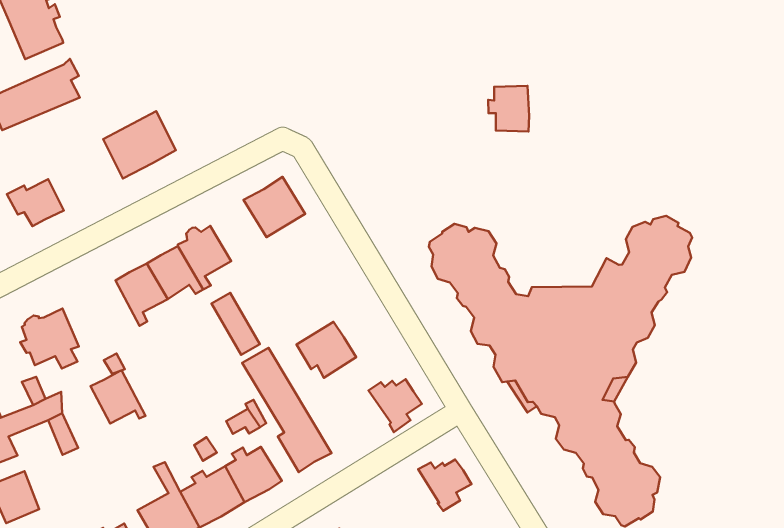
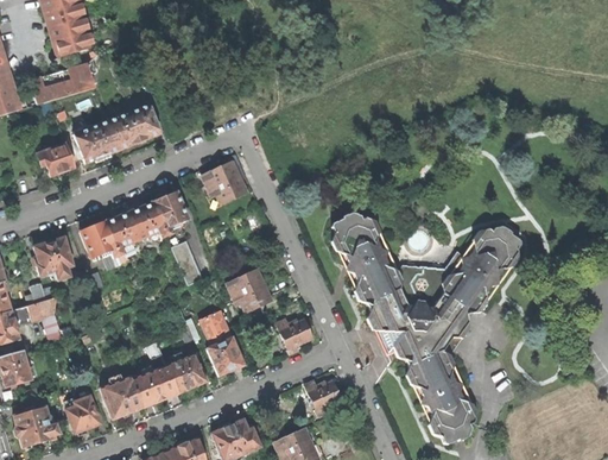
building: [488,86,529,131] -> none
building: none -> [72,120,119,163]
building: [90,371,146,424] -> [81,222,118,259]

